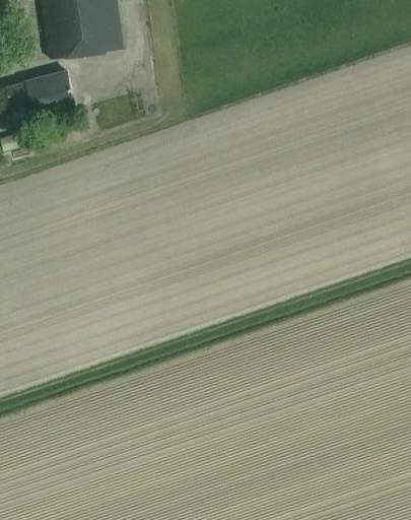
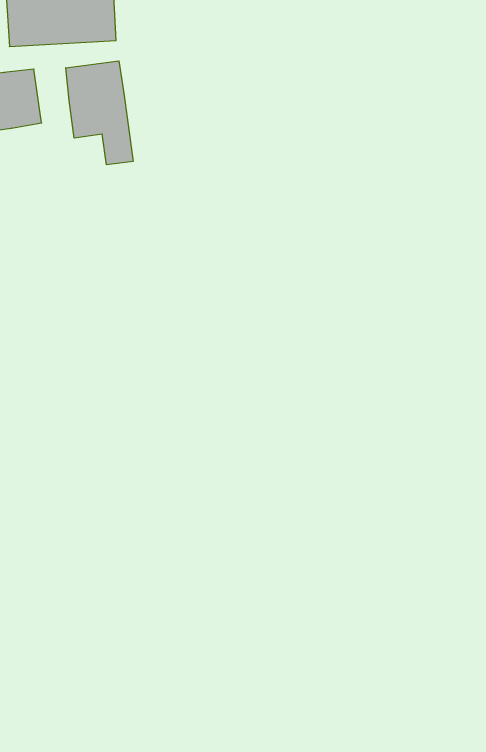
building: none -> [66,61,133,165]

